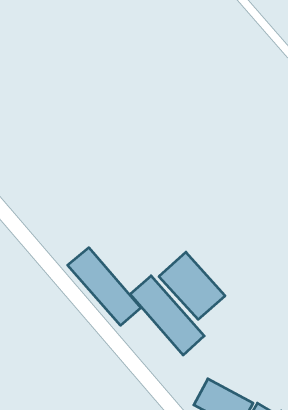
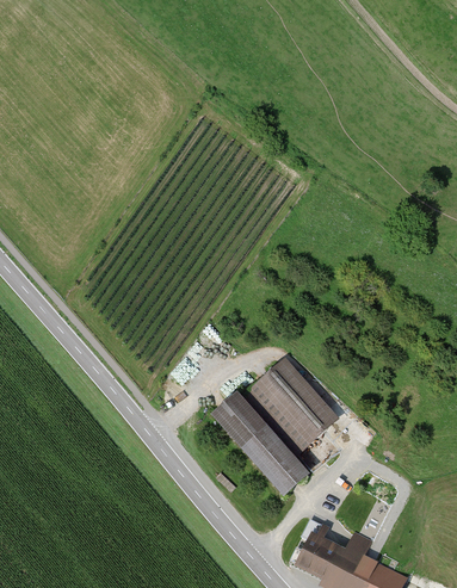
building: [68,248,141,325] -> none

